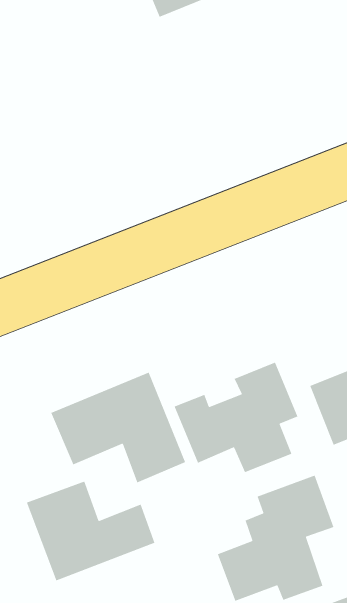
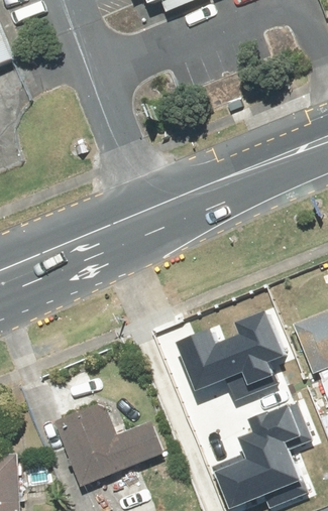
building: [50,371,186,484] -> none

